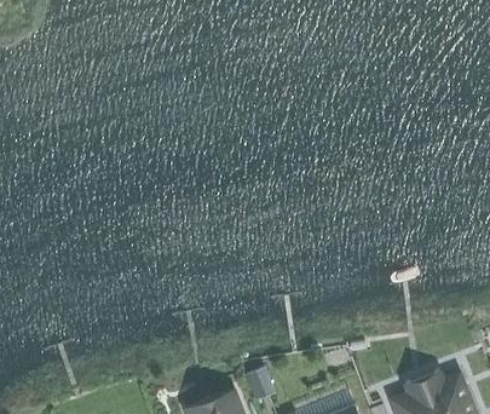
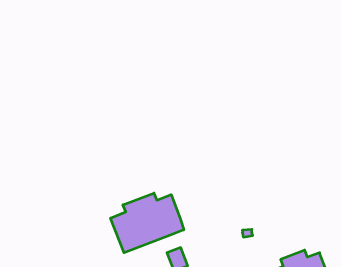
building: none -> [111,193,184,253]

